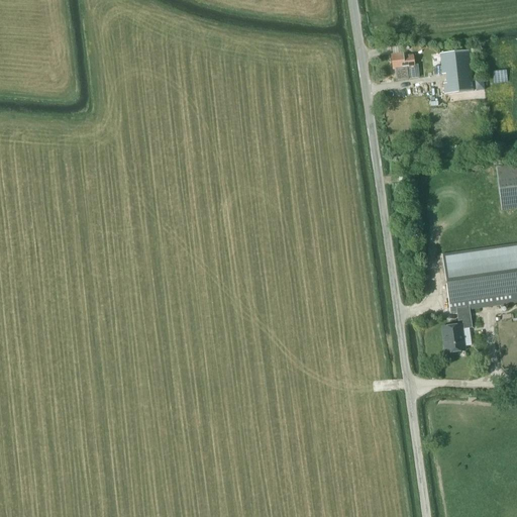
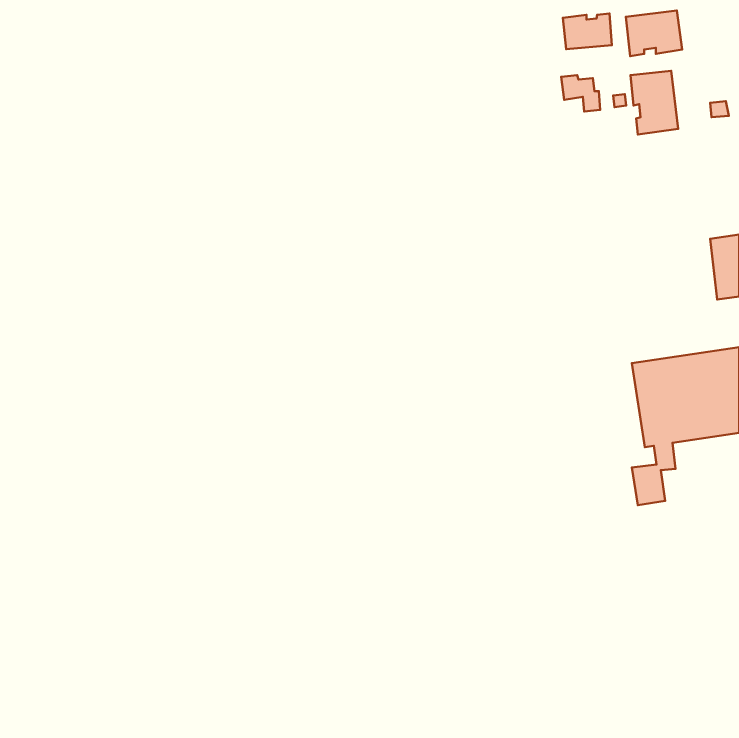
building: none -> [626,11,682,56]
building: none -> [563,13,612,49]

